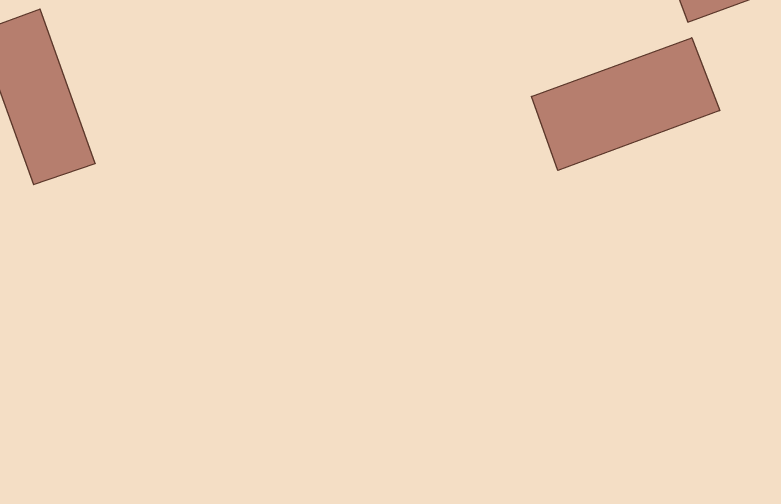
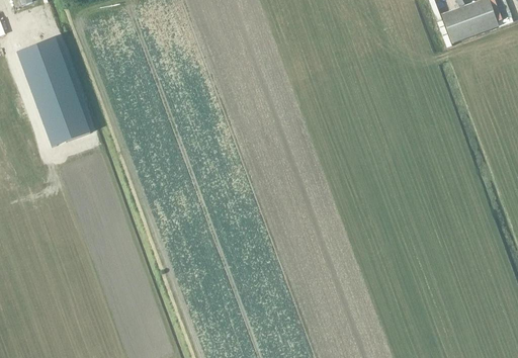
building: [531,38,720,170] -> none

